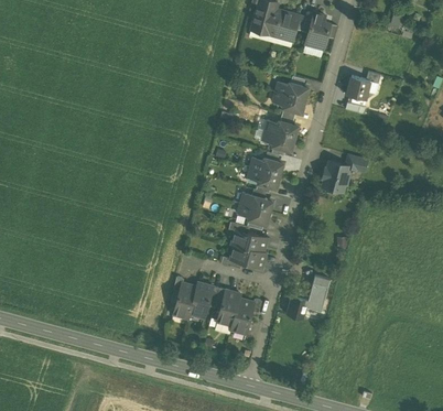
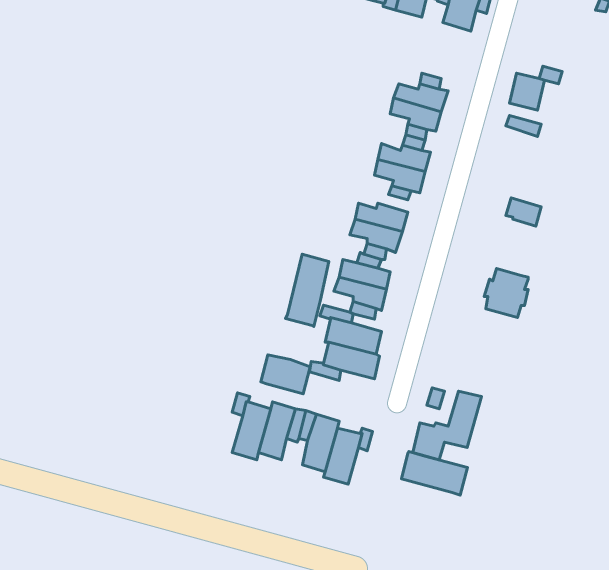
building: [322,160,349,191] -> [484,268,528,318]
building: none -> [286,254,329,327]
building: none -> [261,355,310,394]
building: none -> [402,451,467,495]

